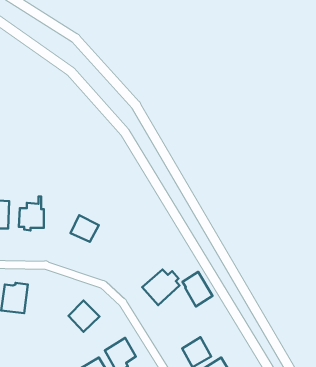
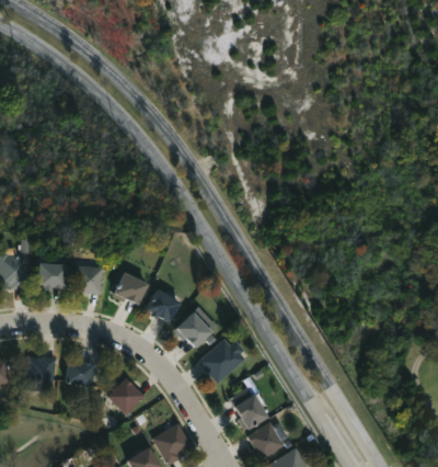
building: none -> [81,265,104,294]
building: none -> [142,288,177,322]
building: none -> [174,306,218,350]
building: [182,272,213,307] -> [229,387,266,430]
building: none -> [64,357,92,386]

